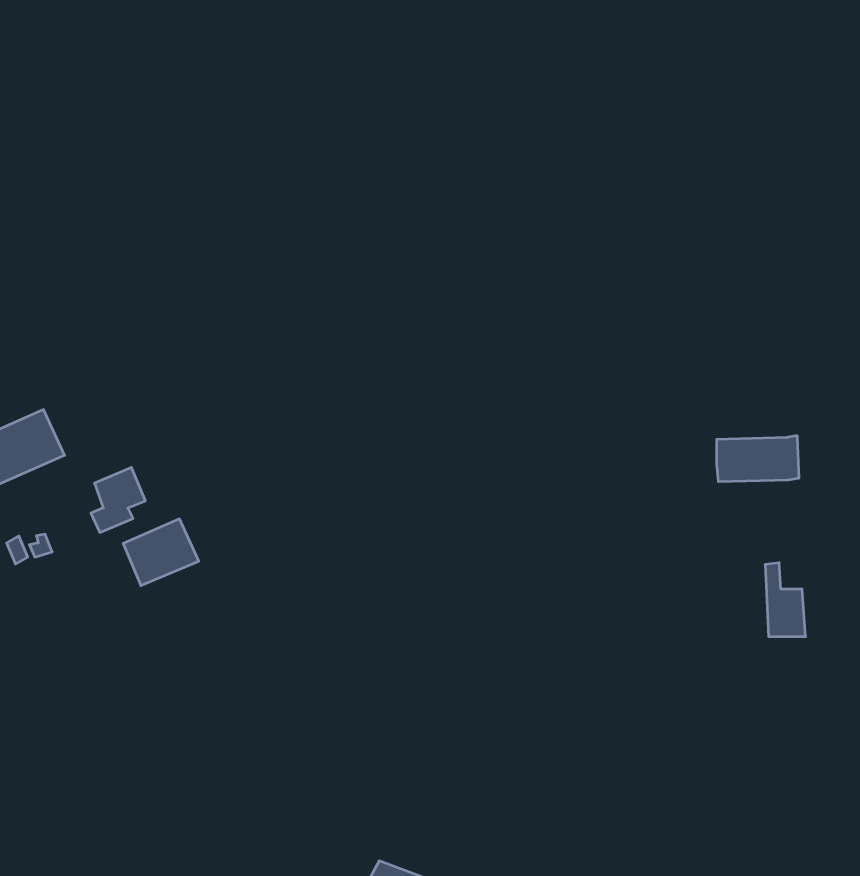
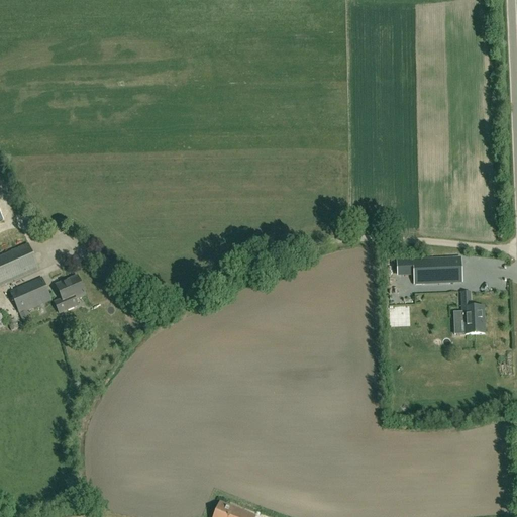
building: [123,519,199,586] -> [8,275,51,313]
building: [765,563,806,637] -> [460,291,484,333]

